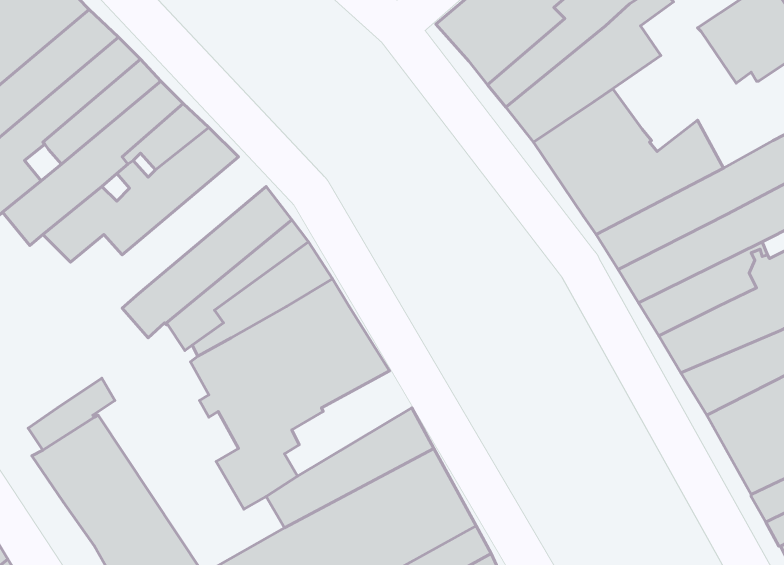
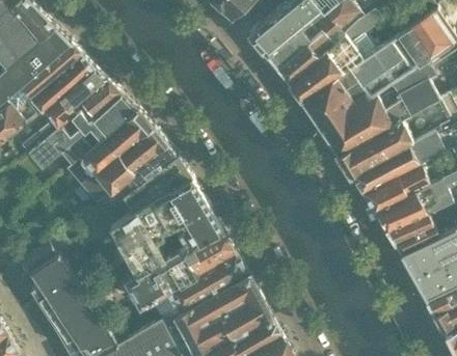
building: none -> [349,42,439,116]
building: none -> [68,110,154,187]
building: none -> [164,230,236,290]

